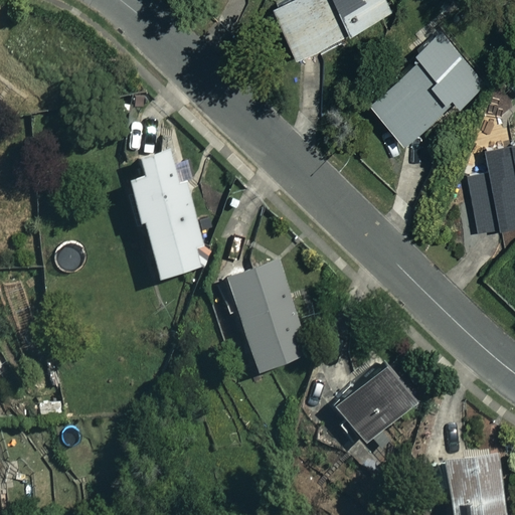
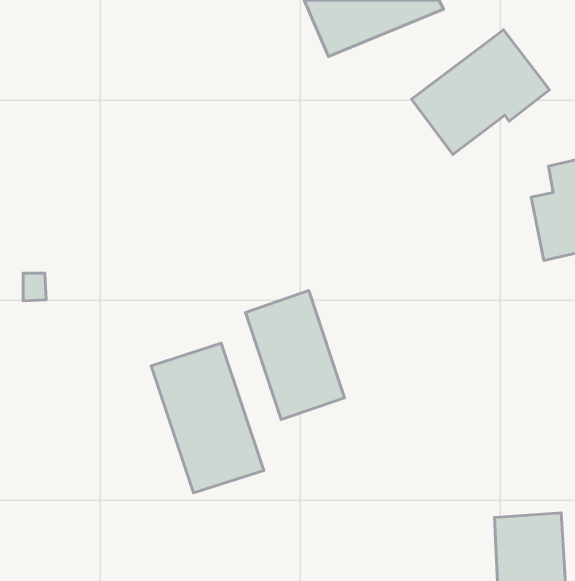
building: [126,147,203,279] -> none
building: none -> [151,343,264,493]
building: [332,363,412,444] -> none

